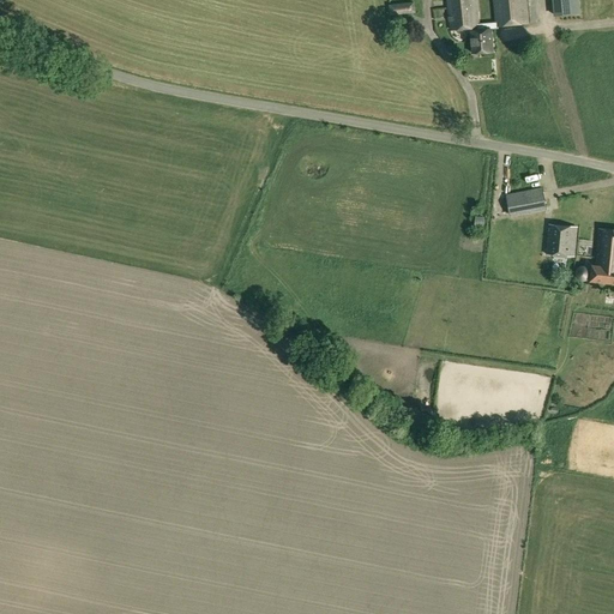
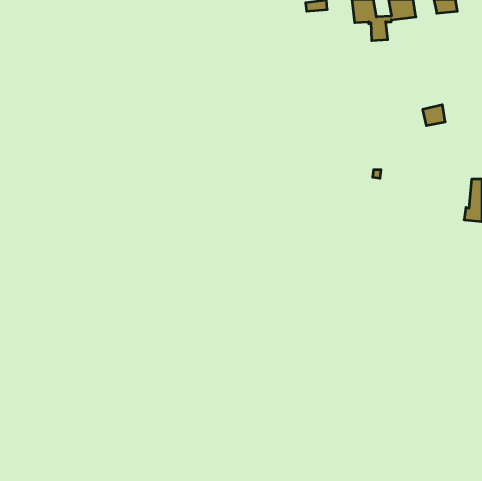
building: [506,188,535,215] -> [423,105,445,126]
building: [547,223,577,255] -> none

